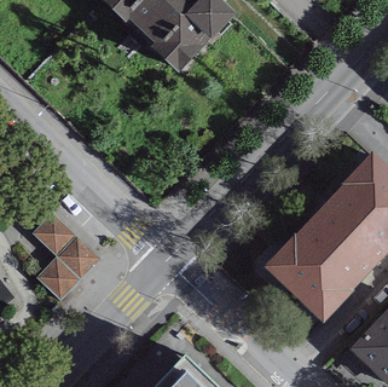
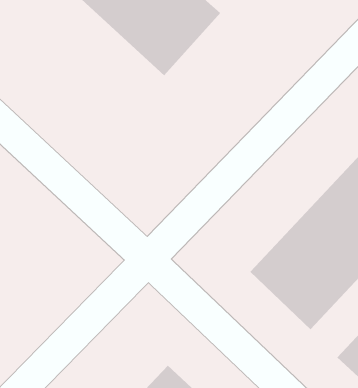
building: [31,207,102,296] -> none

